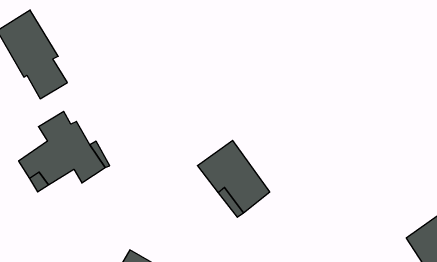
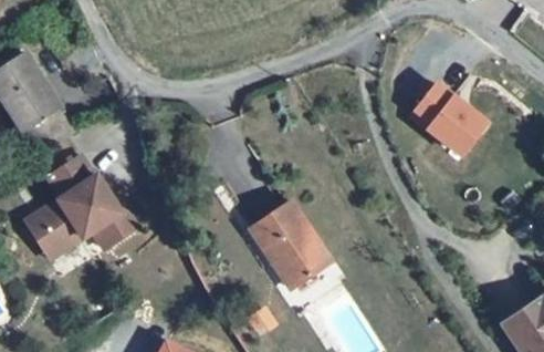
building: none -> [404,79,488,159]

